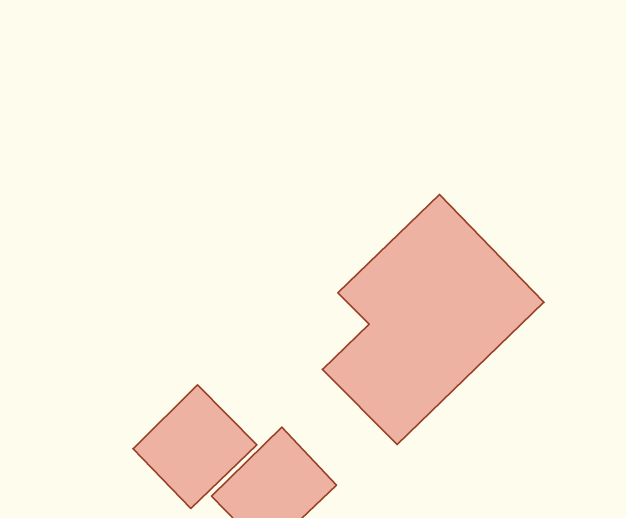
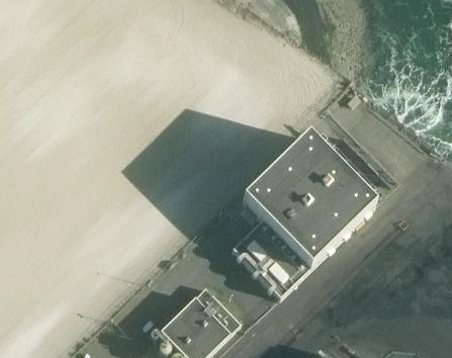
building: [133,385,257,508] -> none

